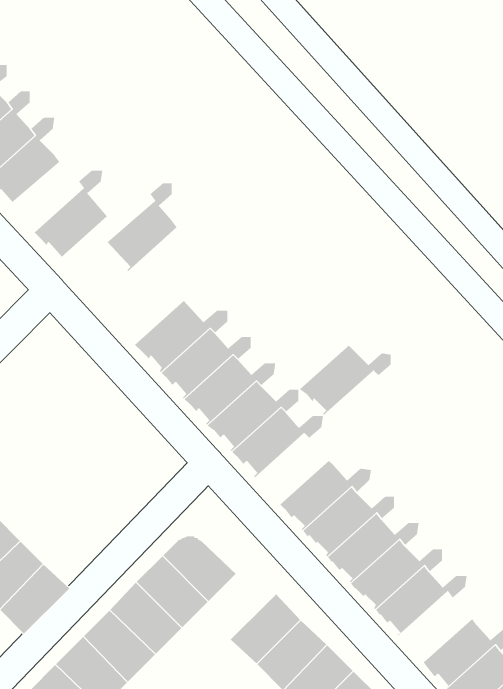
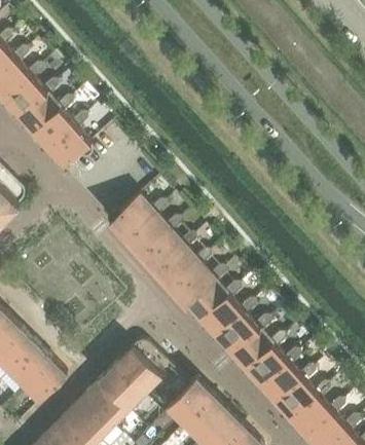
building: [107,183,178,272] -> [31,98,75,153]
building: [299,345,392,416] -> [182,279,240,323]
building: none -> [271,377,329,421]

